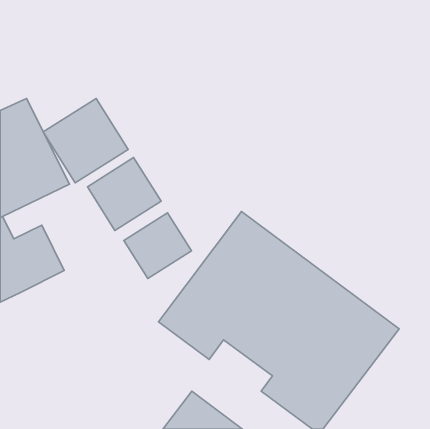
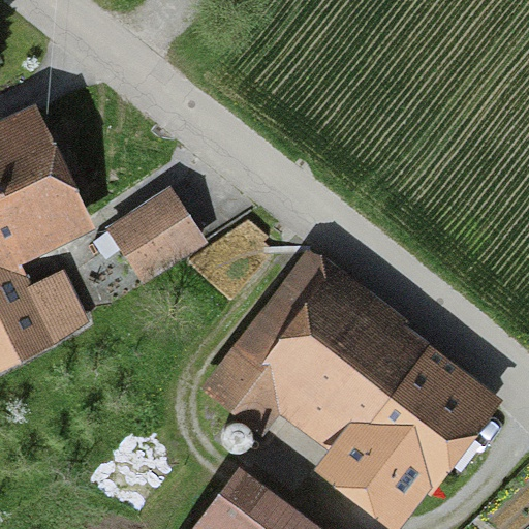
building: [43,99,128,183] -> none
building: [124,213,191,279] -> none

